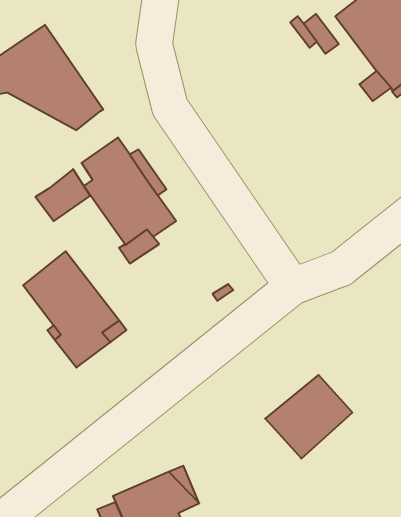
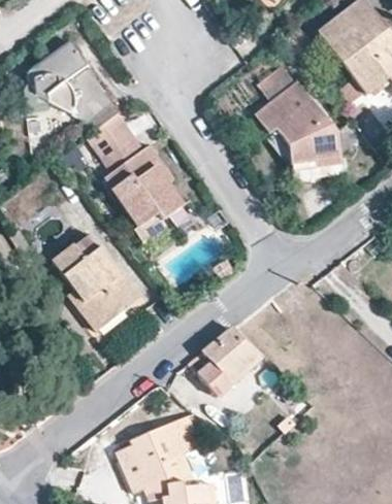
building: none -> [255,71,344,179]
building: [35,169,90,221] -> [87,111,133,156]
building: [265,375,352,459] -> [188,326,262,397]

